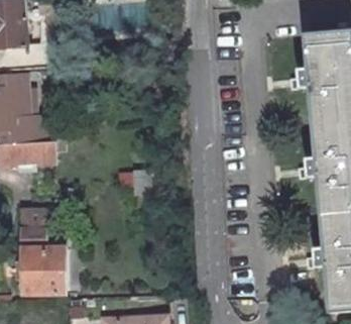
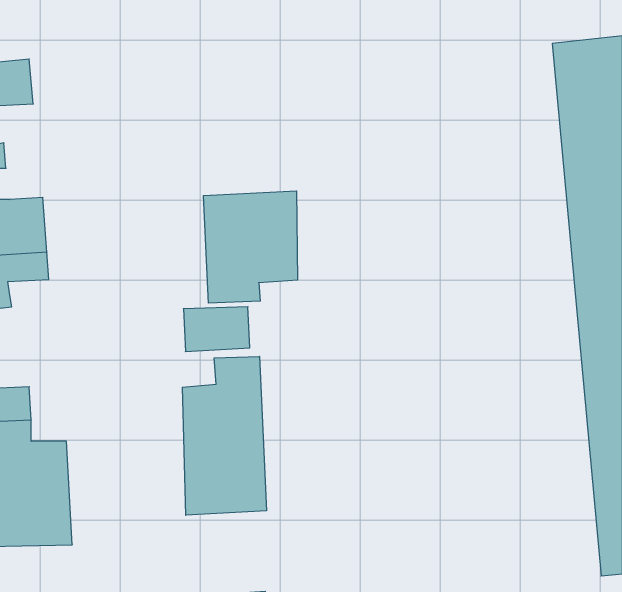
building: none -> [203,191,298,303]
building: none -> [182,356,266,515]

